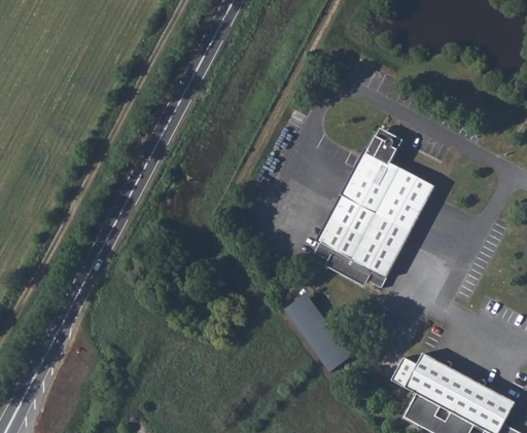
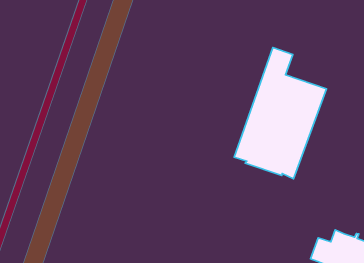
building: [285,290,352,370] -> none

